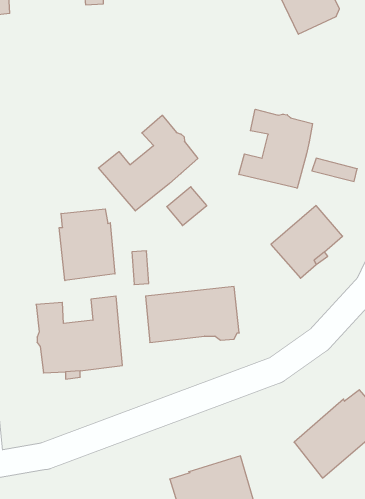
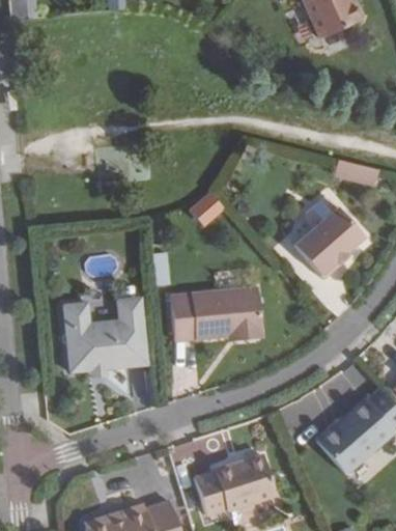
building: [239,109,313,188] -> none
building: [98,115,198,211] -> none
building: [59,209,115,281] -> none

